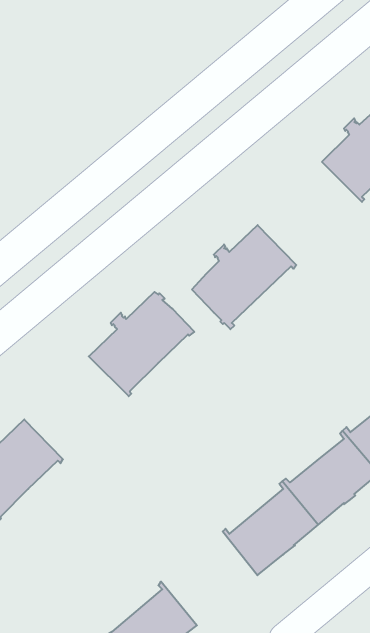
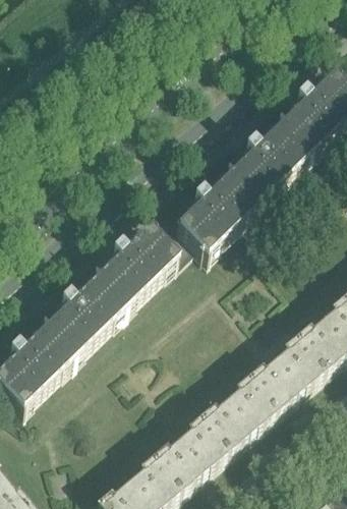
building: none -> [224,128,306,210]
building: none -> [157,229,189,263]
building: none -> [40,282,122,363]
building: none -> [148,420,224,495]

